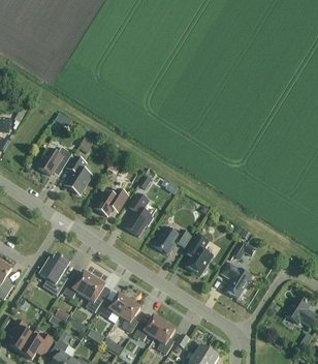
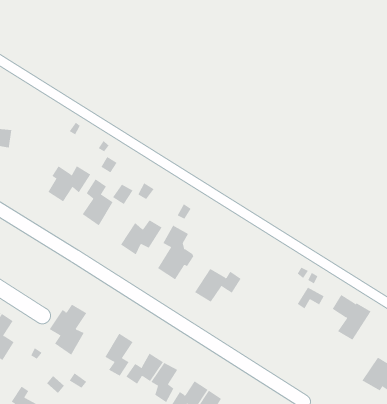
building: [185,234,213,275] -> none
building: [221,262,252,298] -> [332,294,371,340]
building: [63,271,94,298] -> none

